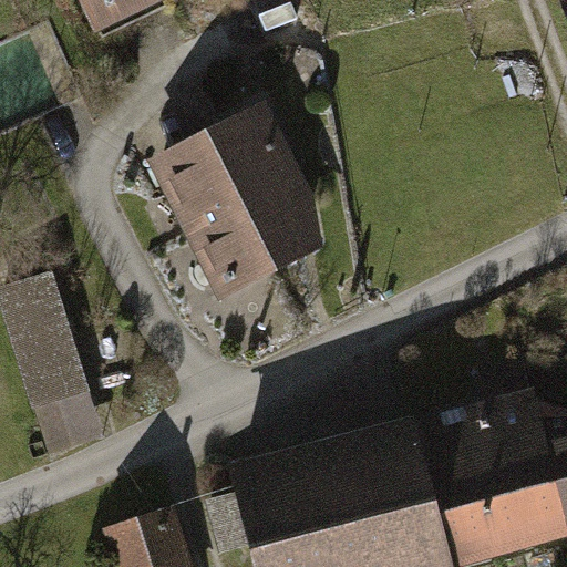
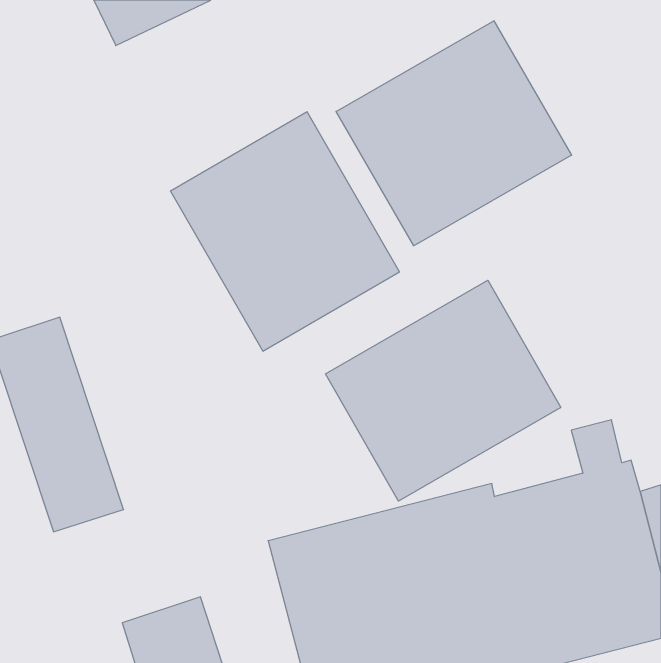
building: none -> [336,21,572,246]
building: none -> [326,280,561,501]

